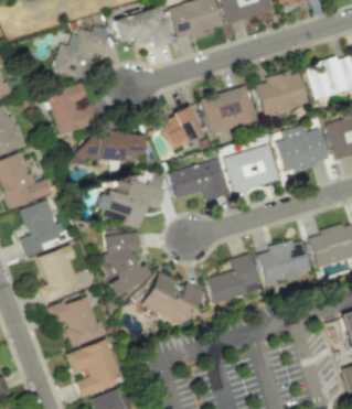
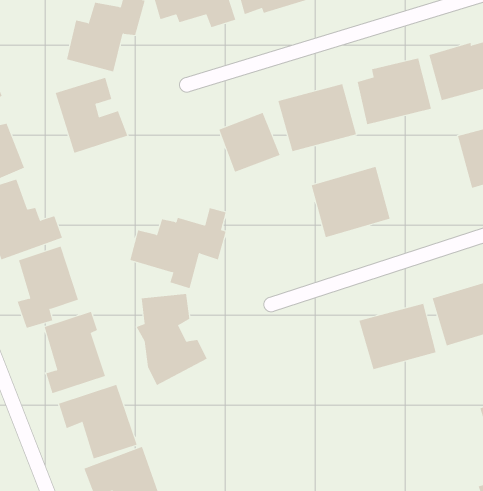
building: [276,126,329,175] -> none
building: [78,131,142,165] -> none
building: [170,161,226,201] -> none
building: [206,254,262,305] -> none
building: [142,273,204,325] -> none

